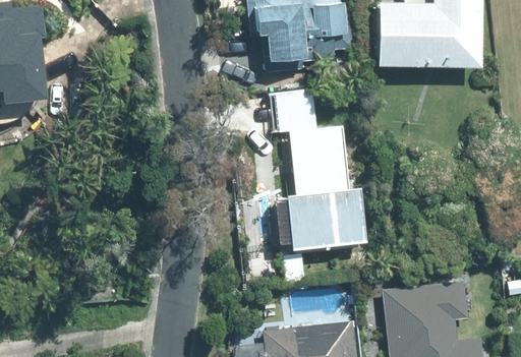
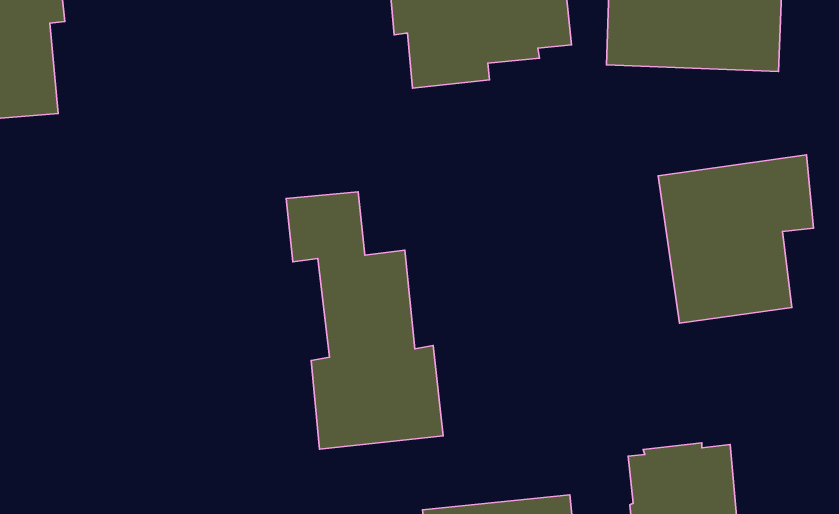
building: [270,91,365,247] -> [286,192,443,449]
building: none -> [658,155,813,323]

